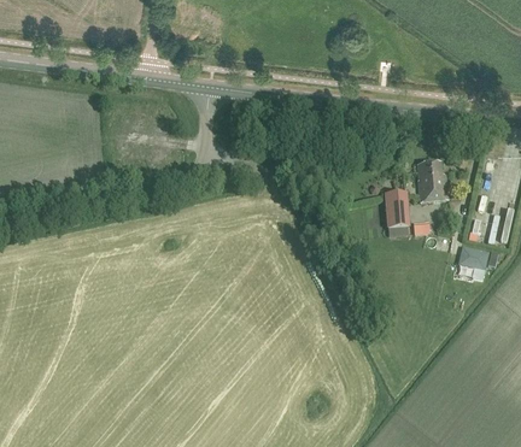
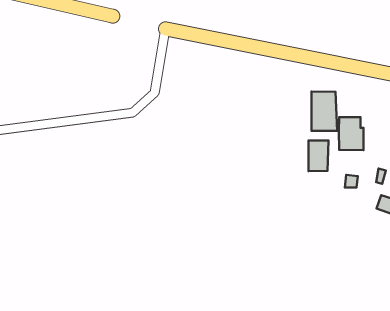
building: none -> [311,92,337,131]

